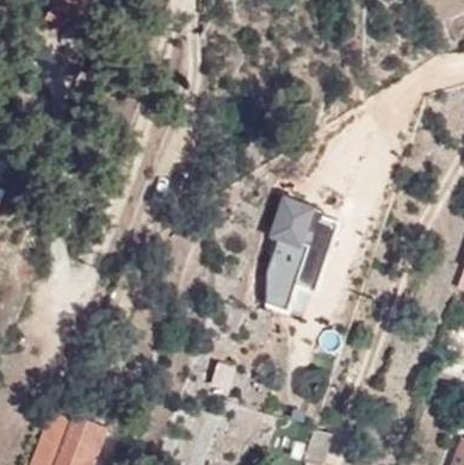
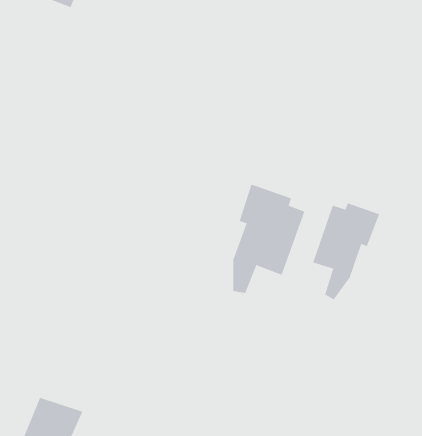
building: none -> [312,202,380,300]

